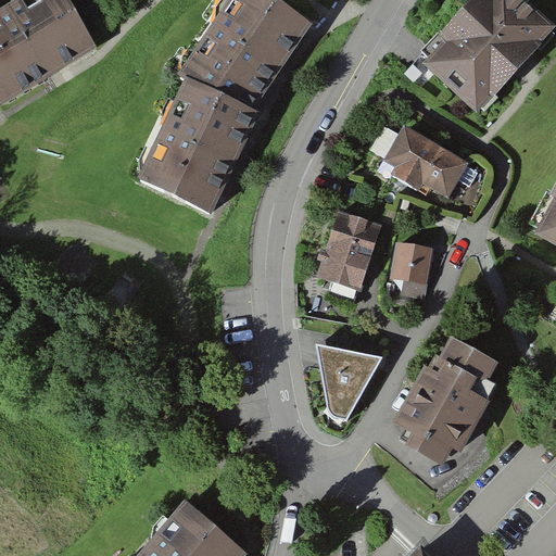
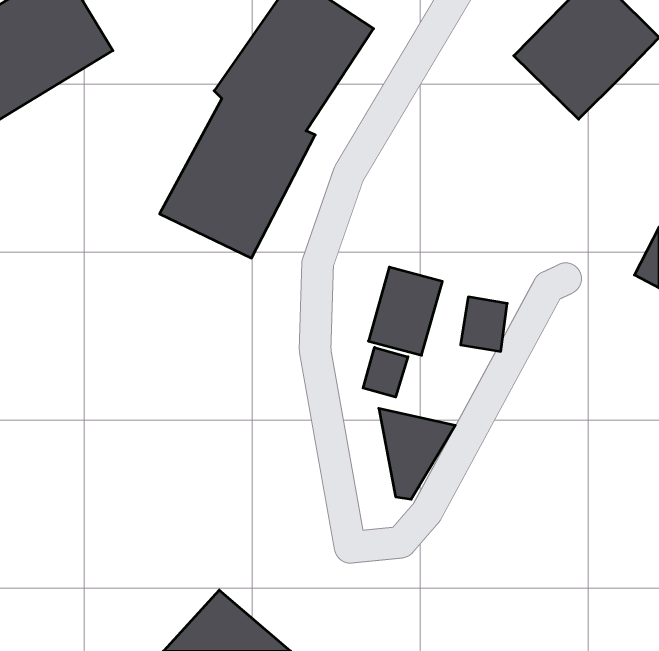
building: [375,122,481,210] -> none
building: none -> [363,347,408,397]
building: [395,334,507,465] -> none

